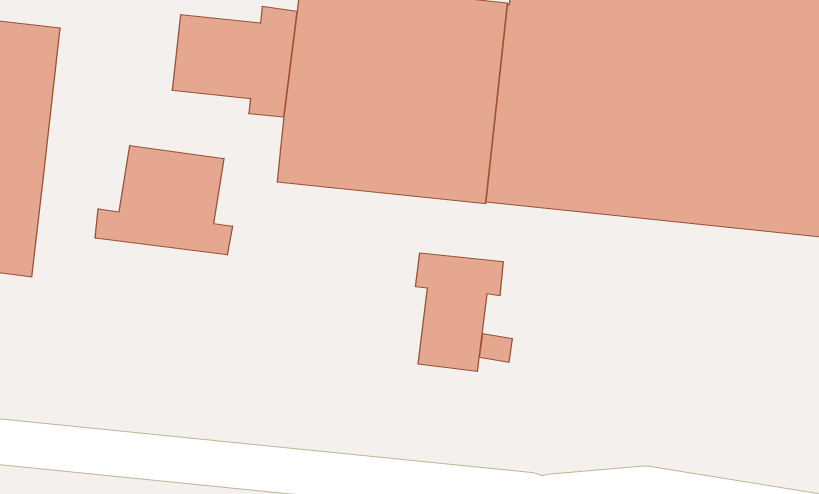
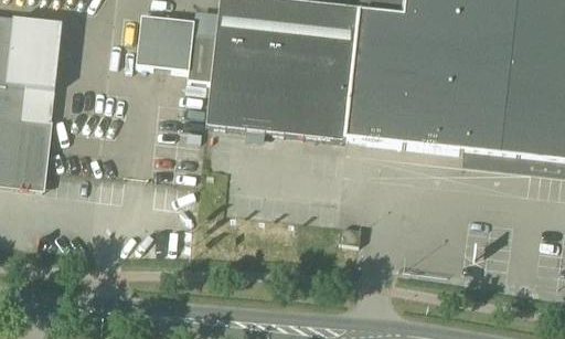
building: [95,145,232,255] -> none
building: [416,253,503,371] -> none

